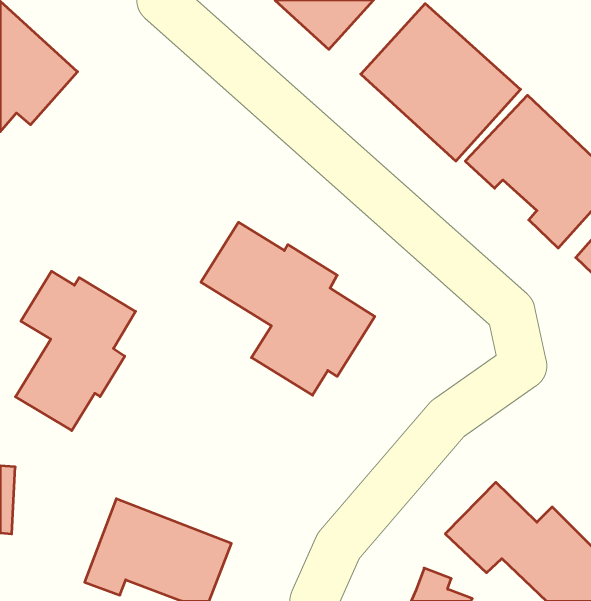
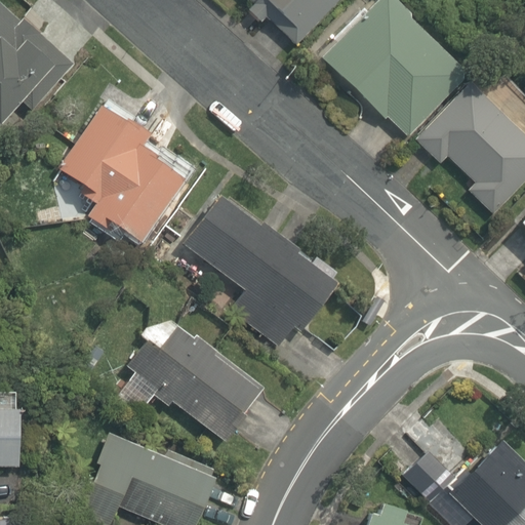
building: none -> [57,81,186,244]
building: [15,271,136,431] -> none
building: none -> [134,320,265,440]

